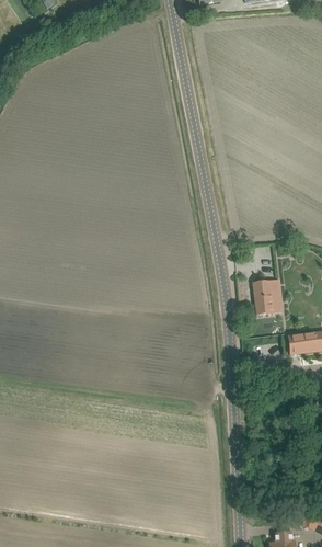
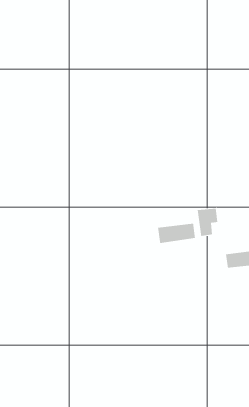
building: none -> [157,223,195,244]

